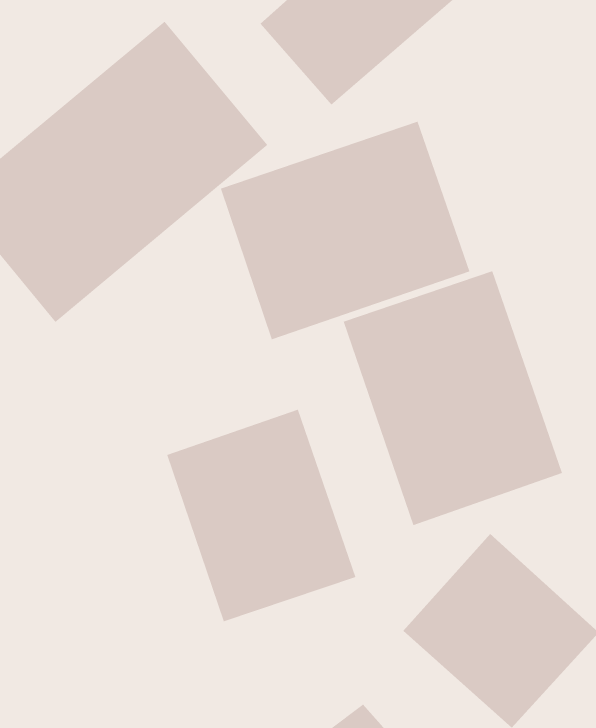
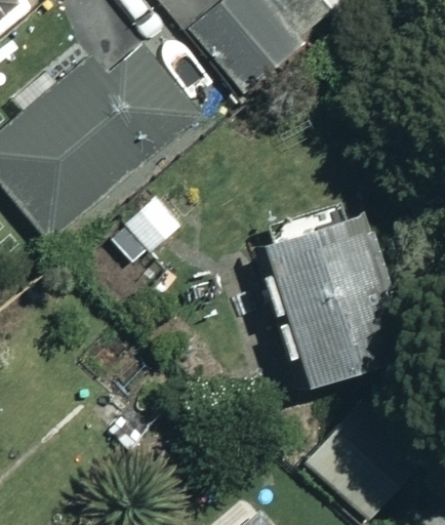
building: [220,121,470,340] -> none
building: [166,409,356,622] -> none

